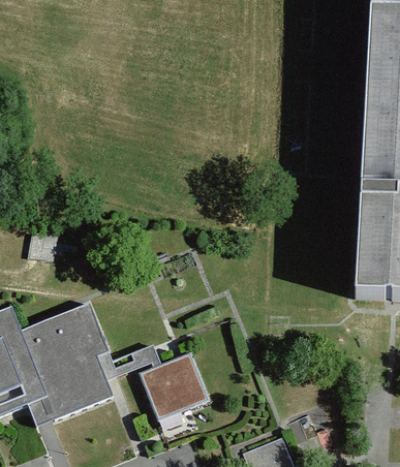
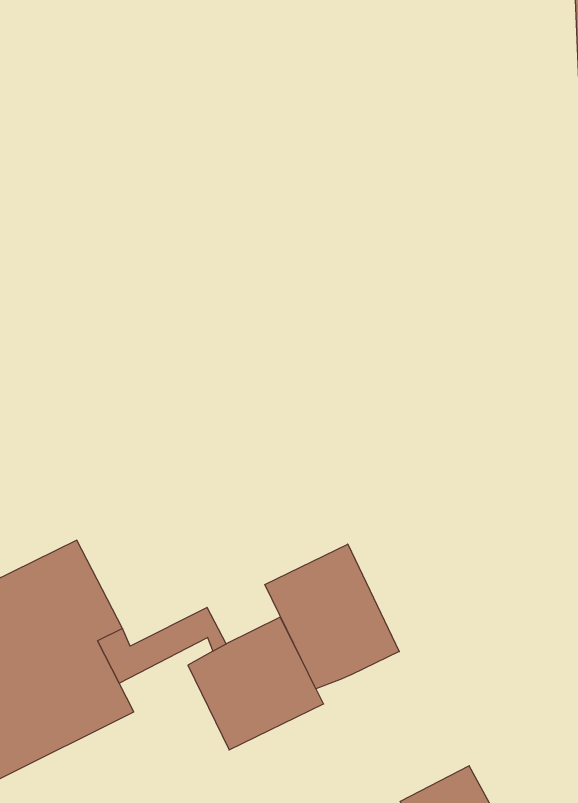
building: none -> [265,544,399,689]

